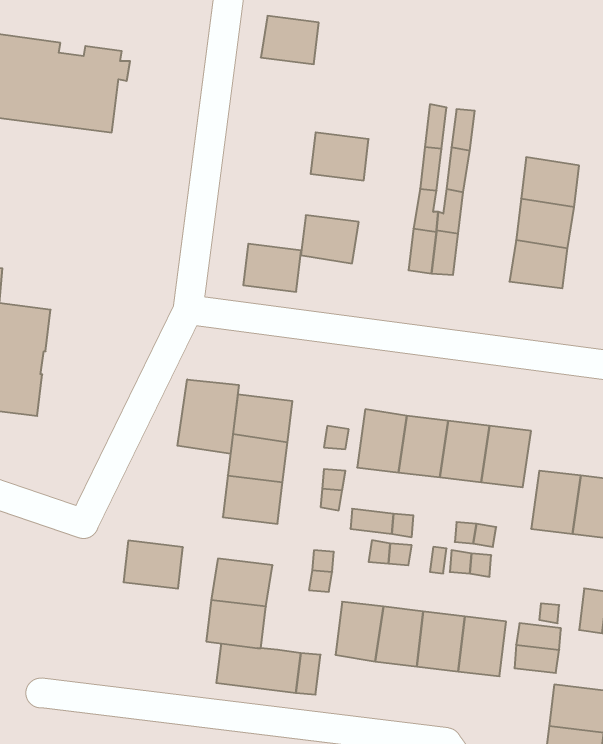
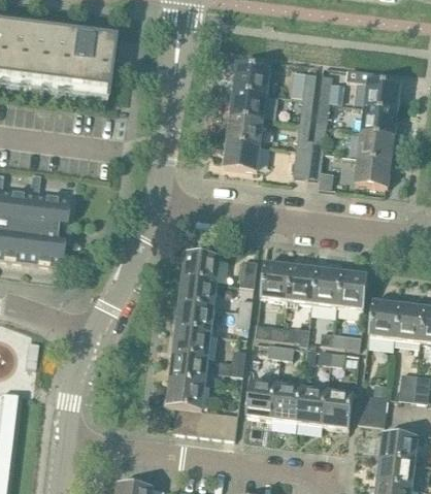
building: [261,16,319,64] -> [234,63,270,93]
building: none -> [346,69,401,109]
building: [243,244,301,292] -> [228,114,264,144]
building: [177,379,239,454] -> none
building: [123,541,183,589] -> [173,328,210,358]

